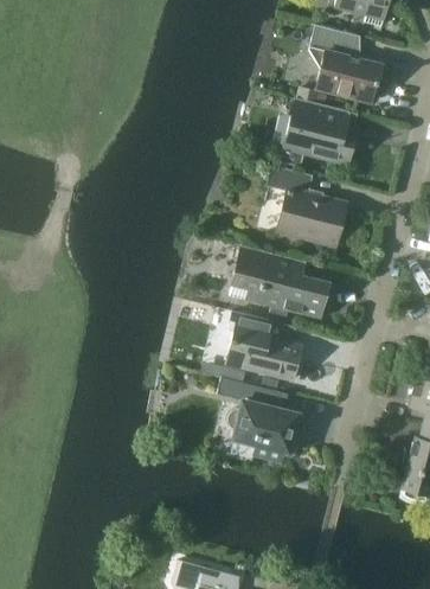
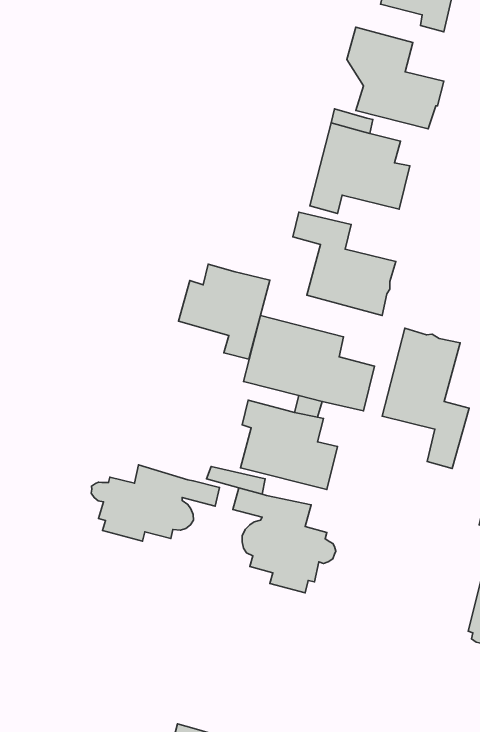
building: none -> [179,264,270,359]
building: none -> [382,328,469,468]
building: none -> [91,465,219,541]

